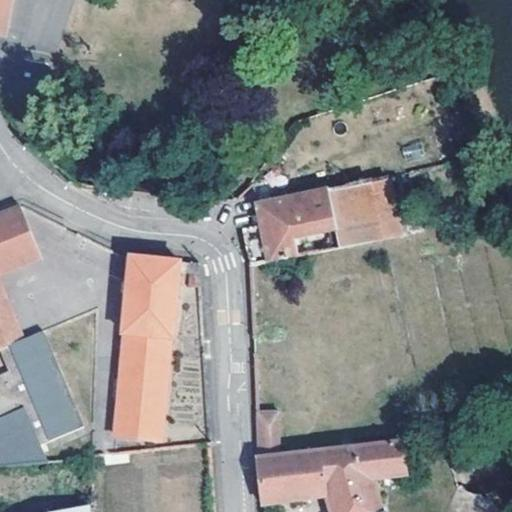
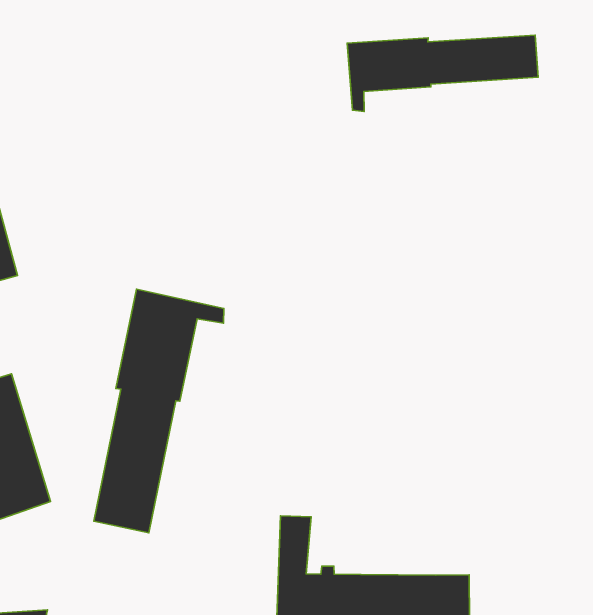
building: none -> [347,35,538,112]
building: [245,179,400,266] -> none

